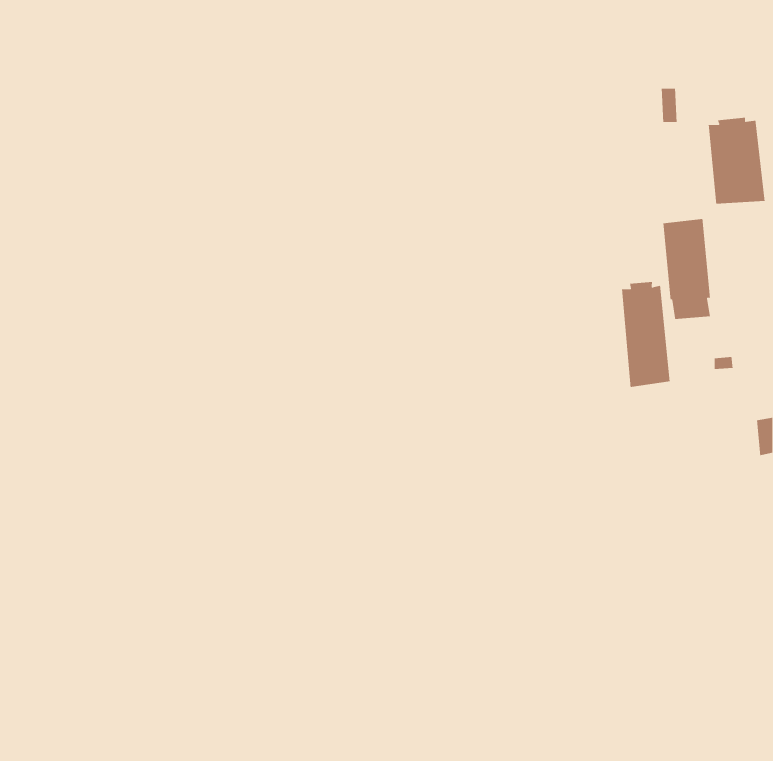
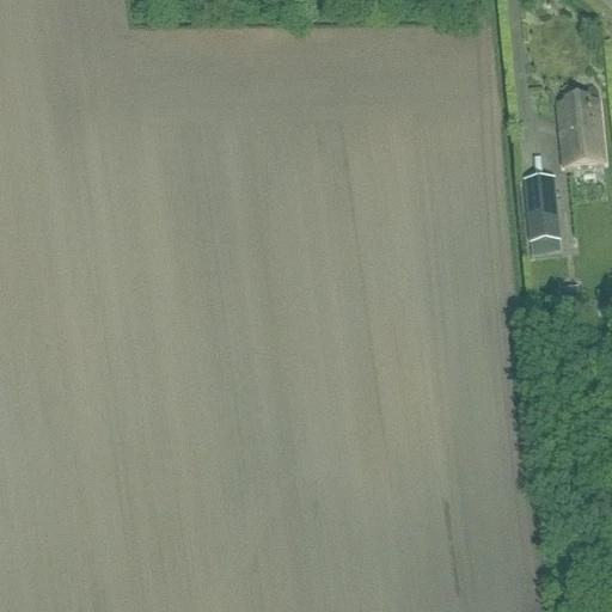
building: [621,281,670,388] -> none

